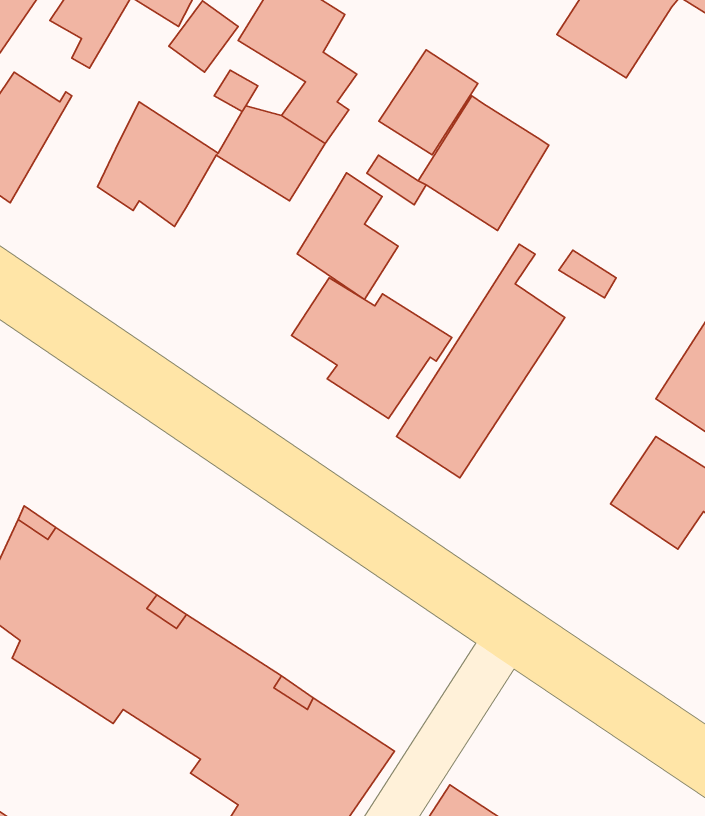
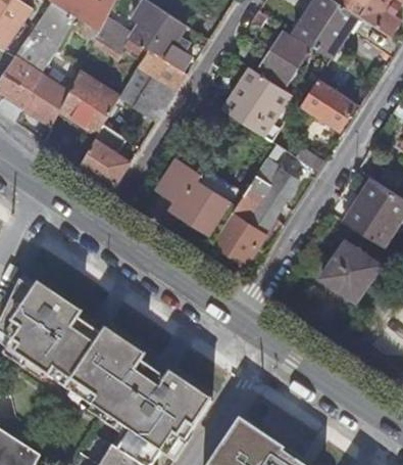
building: [379,50,478,155] -> [257,33,308,87]
building: none -> [21,65,69,127]
building: none -> [303,79,350,122]
building: [297,173,398,299] -> [79,123,131,188]

